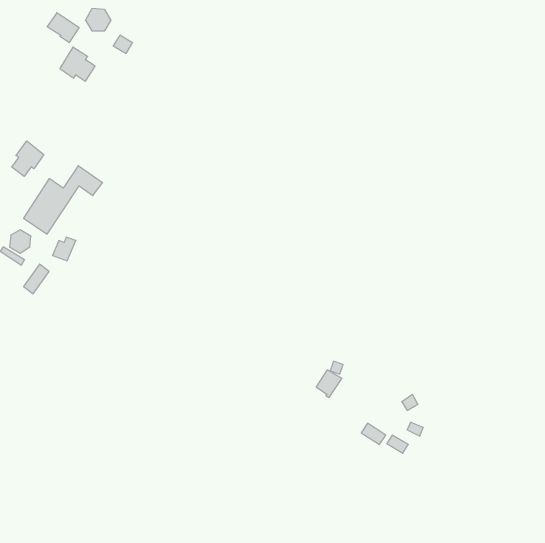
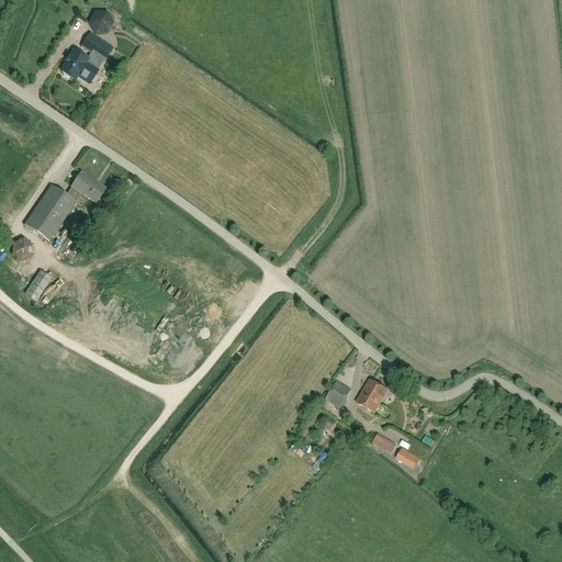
building: [47,13,79,43] -> [81,31,114,61]
building: [12,141,44,176] -> none
building: none -> [358,379,389,411]

